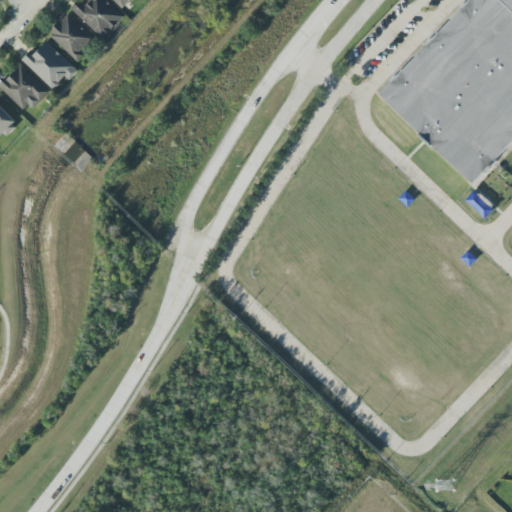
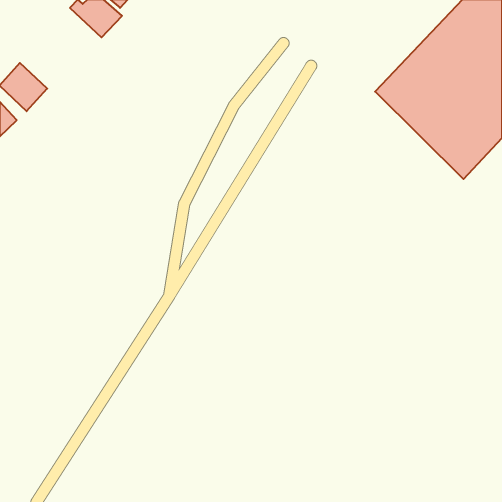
building: [48,14,93,61] -> none
building: [22,41,74,89] -> none

